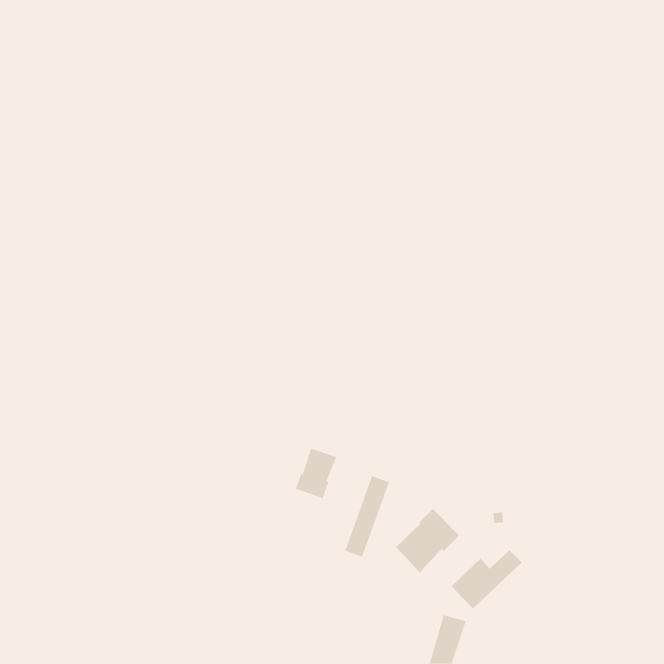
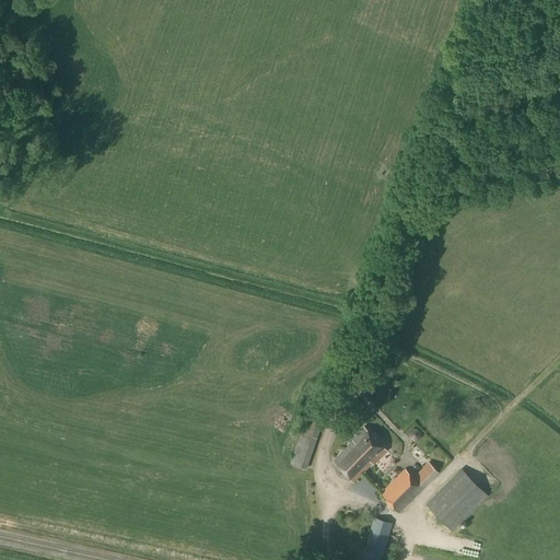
building: [295,448,337,499] -> none
building: none -> [427,469,488,530]

